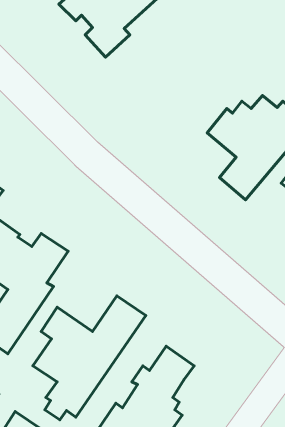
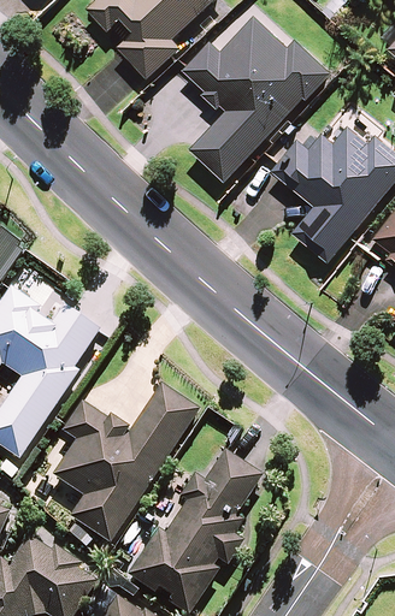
building: none -> [184,14,330,180]

